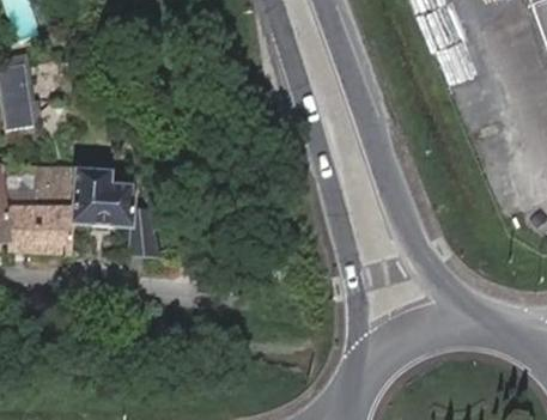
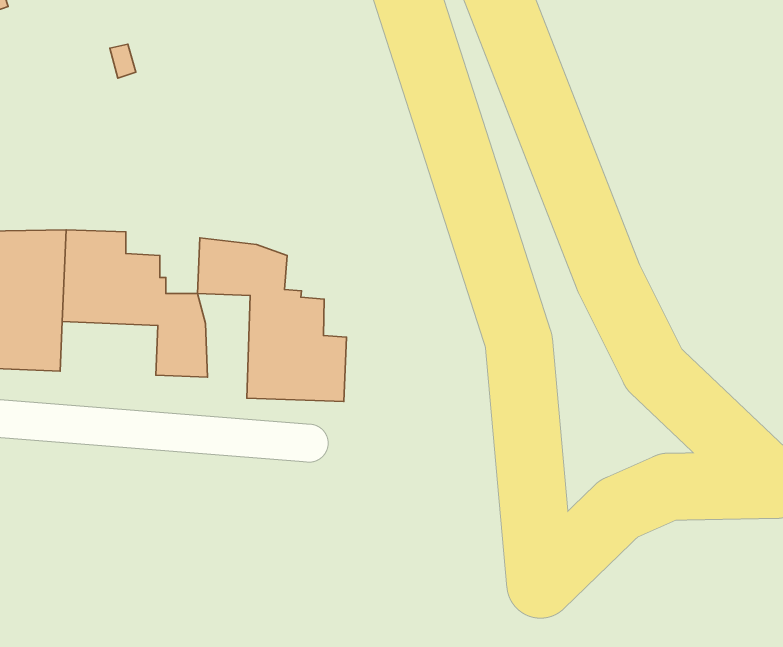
building: none -> [198,238,346,401]

